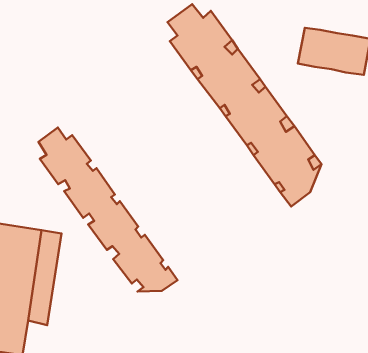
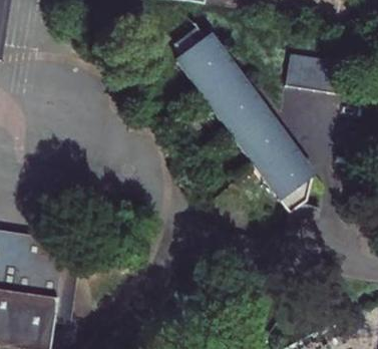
building: [38,128,177,292] -> none

